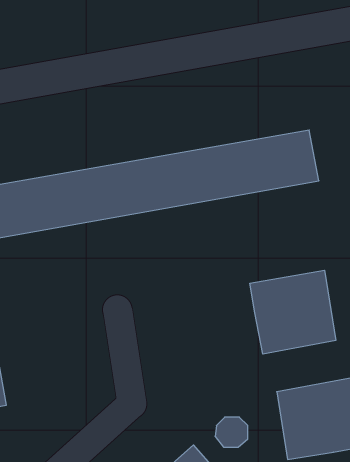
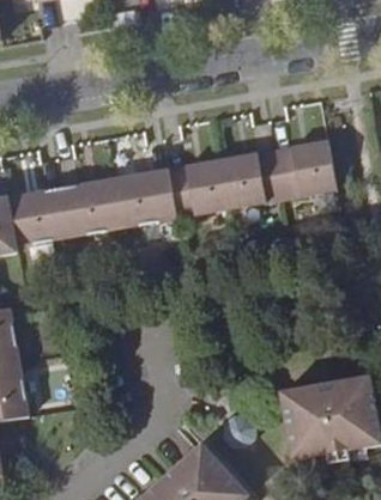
building: [250,270,336,354] -> none

